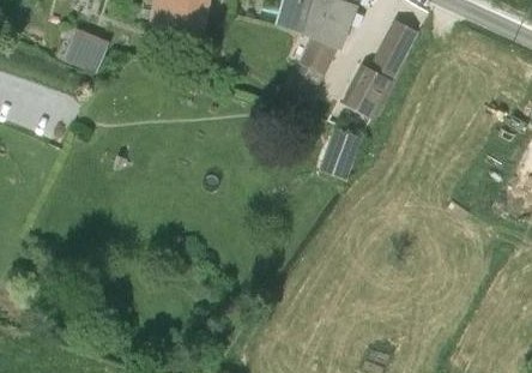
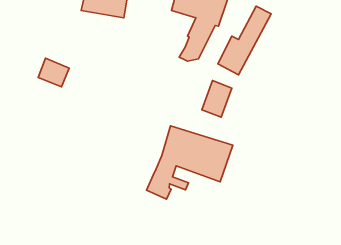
building: [64,30,108,71] -> [38,58,69,87]
building: none -> [146,126,233,199]

